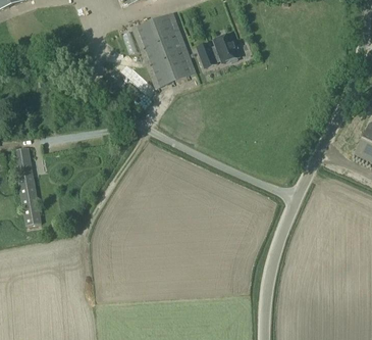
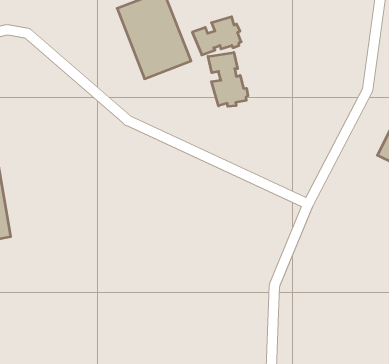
building: none -> [208,52,248,106]

